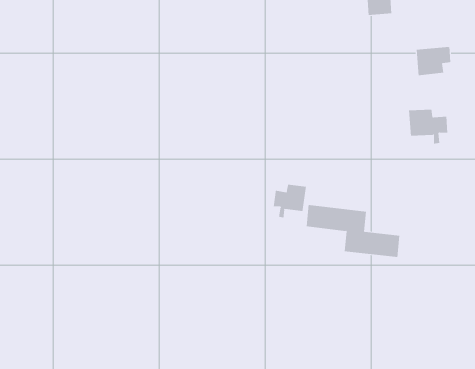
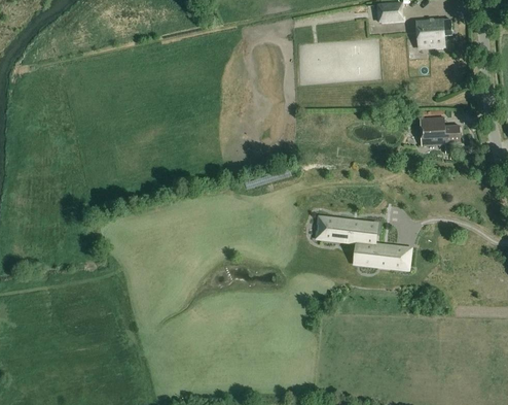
building: [416,47,451,76] -> [416,18,452,47]
building: [273,184,307,219] -> none

